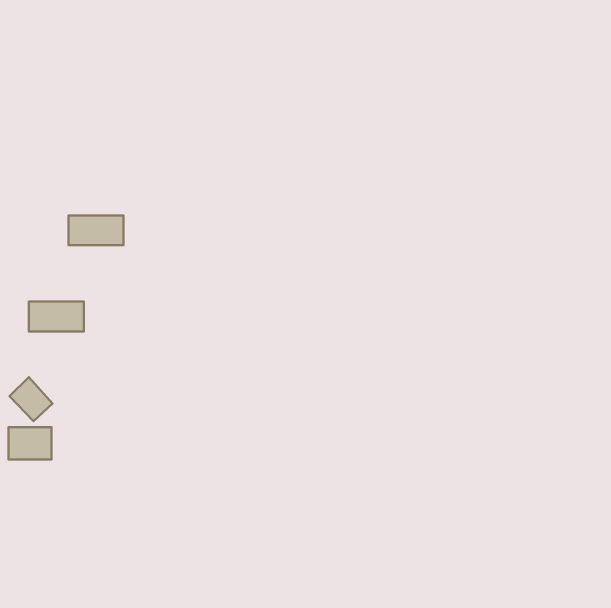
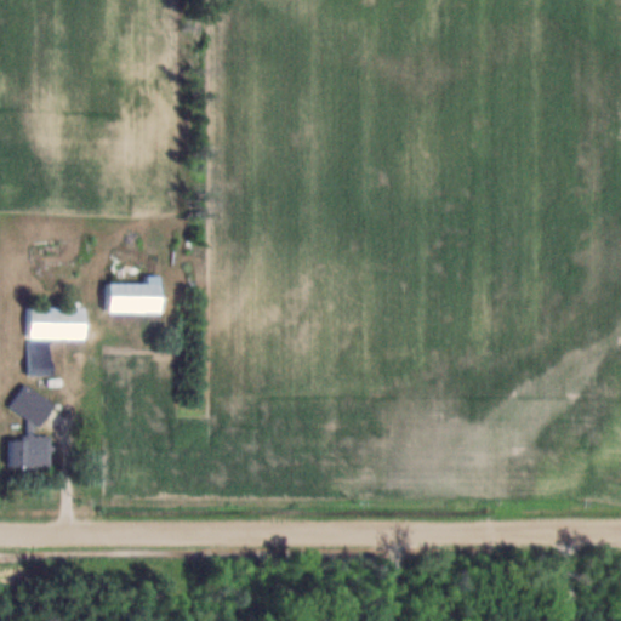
building: [68,215,123,245] -> [106,284,161,314]
building: none -> [28,343,52,378]

